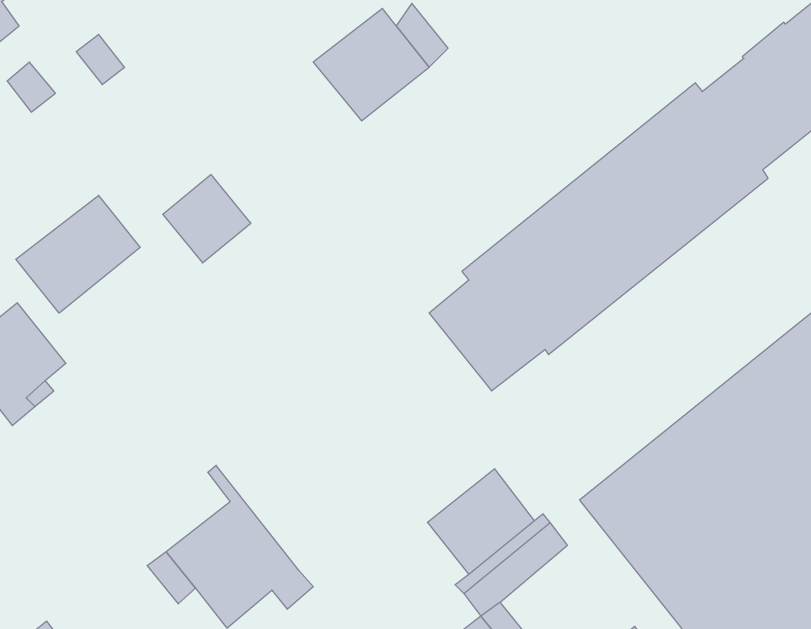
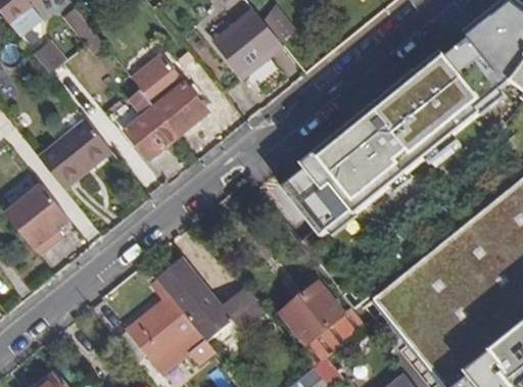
building: none -> [133,55,207,135]
building: none -> [156,256,266,340]

